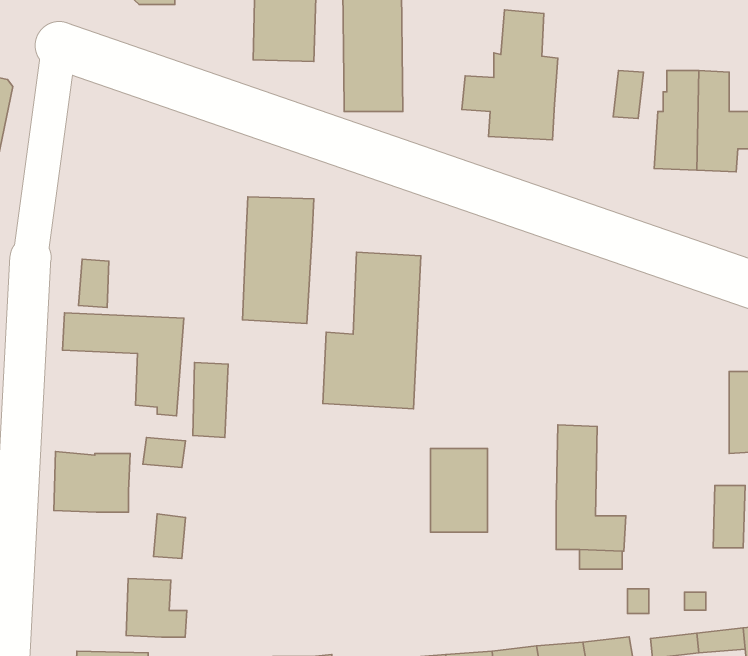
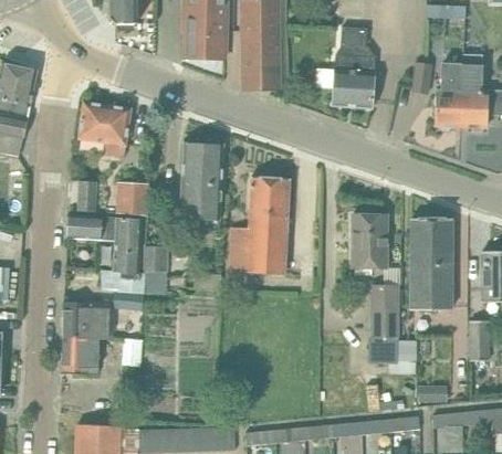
building: none -> [79,102,130,158]
building: none -> [116,183,149,215]
building: none -> [410,218,452,307]
building: [430,449,488,532] -> [352,214,387,266]
building: [126,578,187,637] -> [61,337,98,373]

